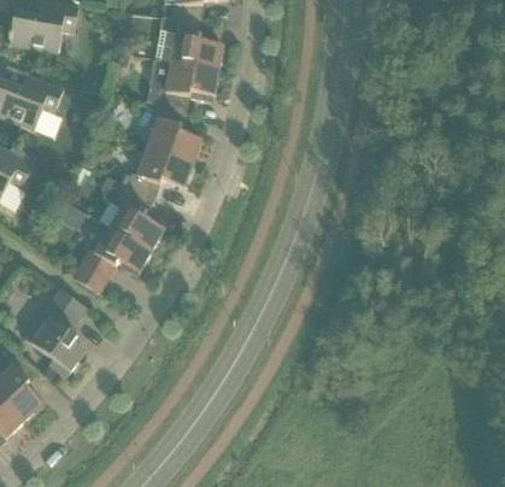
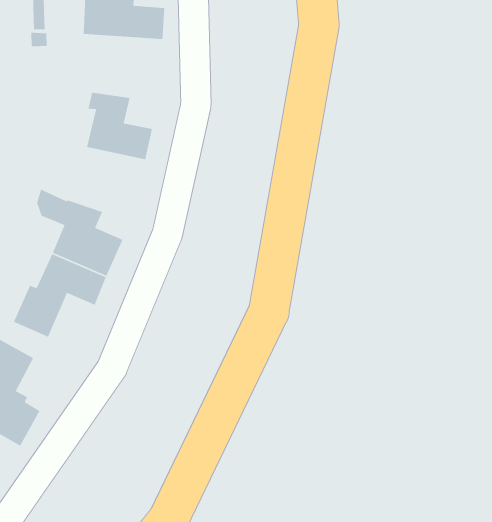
building: [152,58,218,112] -> none
building: [127,147,193,199] -> none

